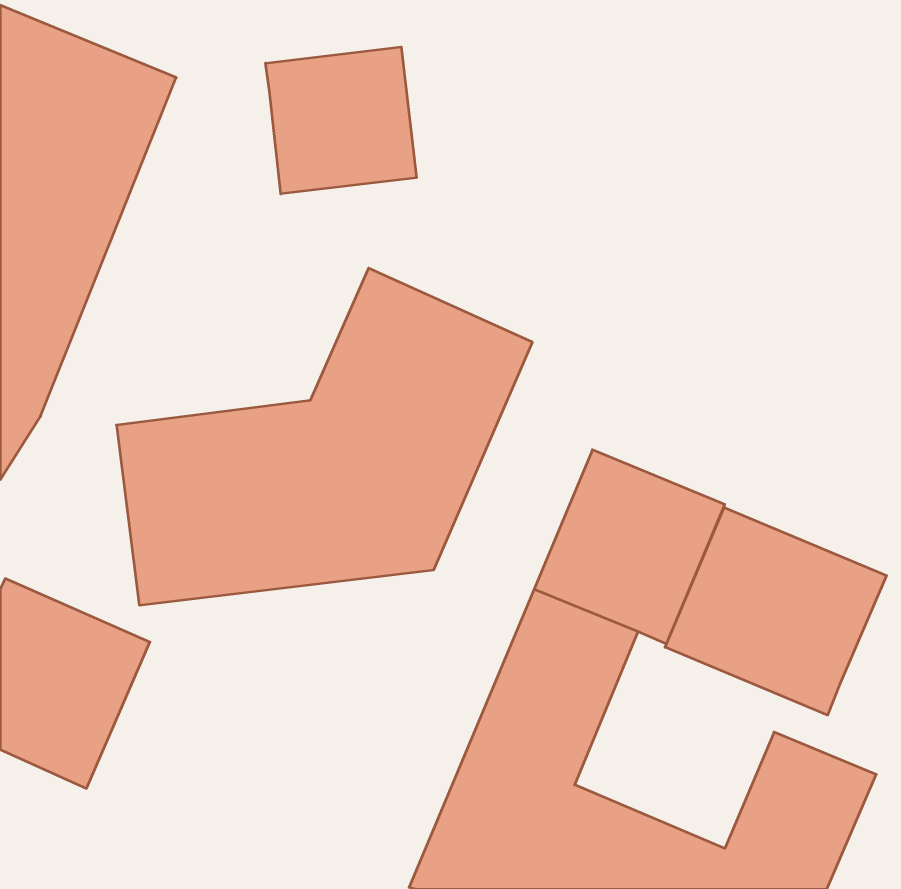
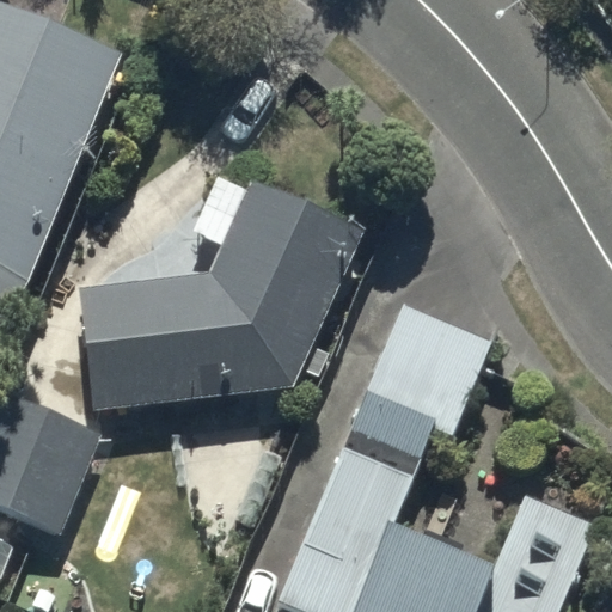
building: [266,47,416,194] -> none
building: [665,508,887,715] -> none

